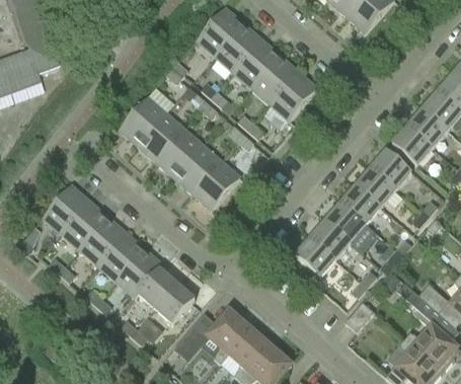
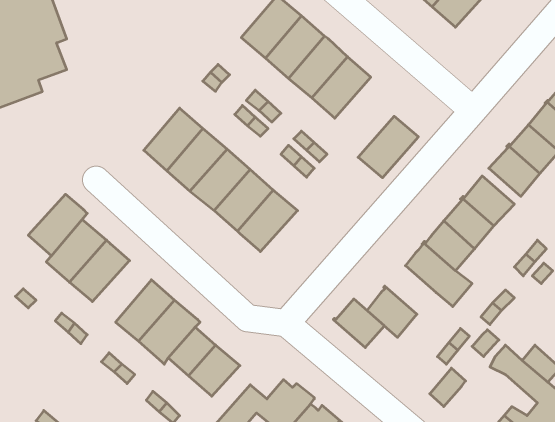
building: [270,72,317,121] -> [358,116,418,178]
building: [78,217,125,265] -> [28,194,87,256]
building: [309,221,350,259] -> [333,299,384,348]

